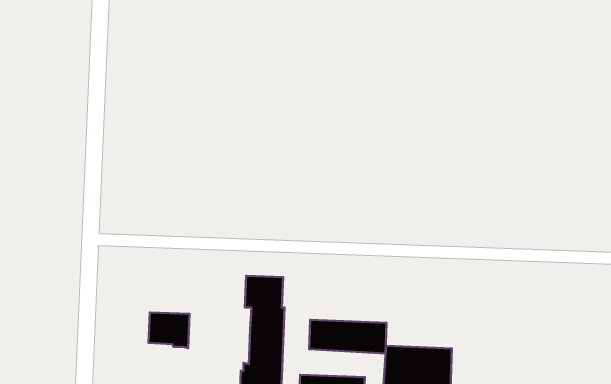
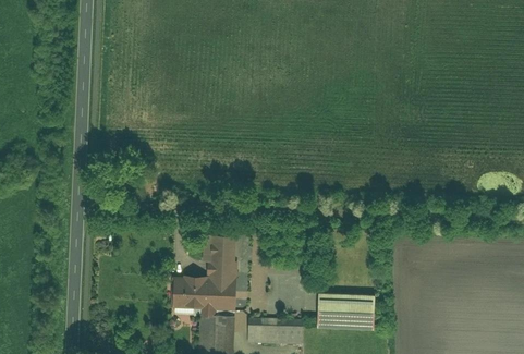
building: [149,313,189,348] -> [174,280,208,309]
building: [309,320,387,353] -> none

